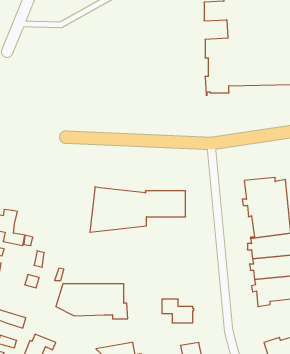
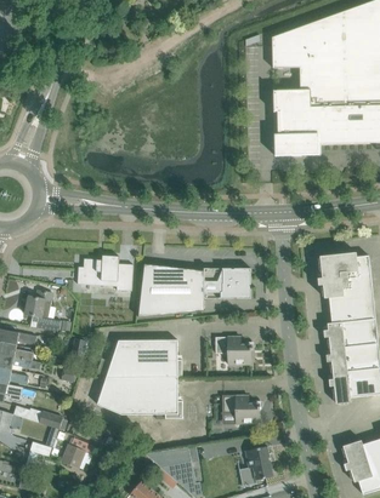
building: none -> [78,254,134,291]
building: none -> [216,336,253,364]
building: none -> [107,339,182,377]

